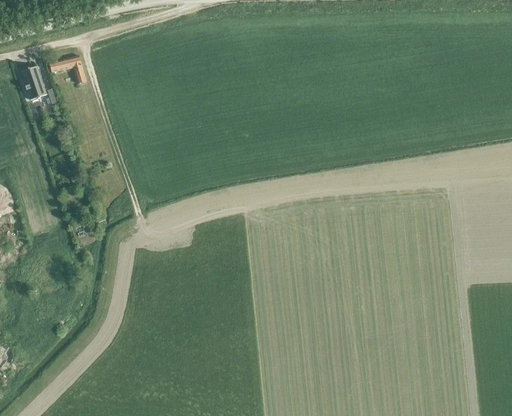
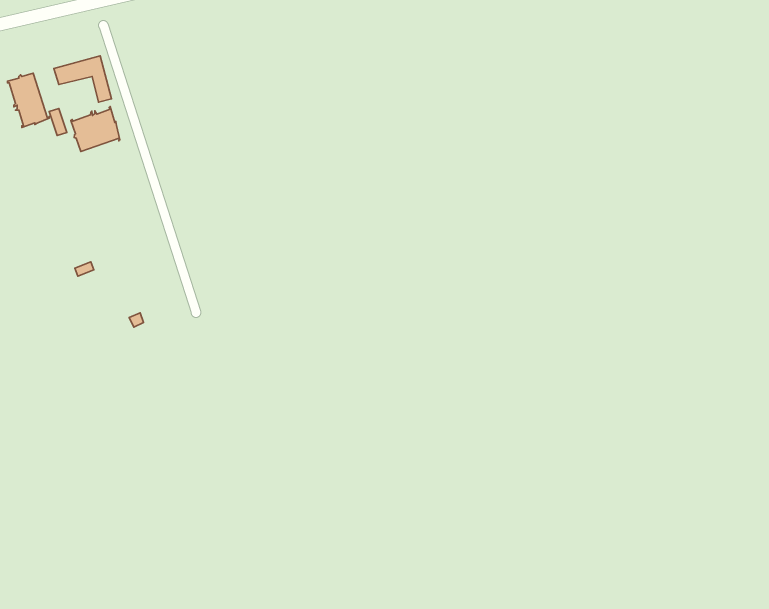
building: none -> [71,106,120,151]

